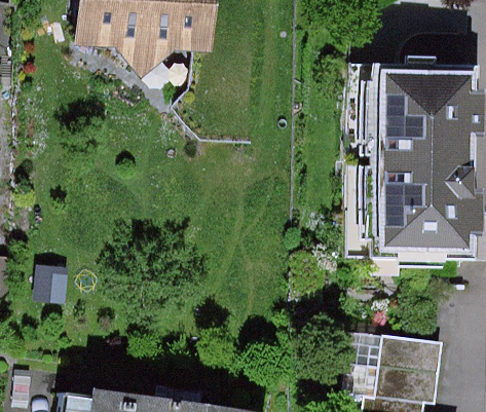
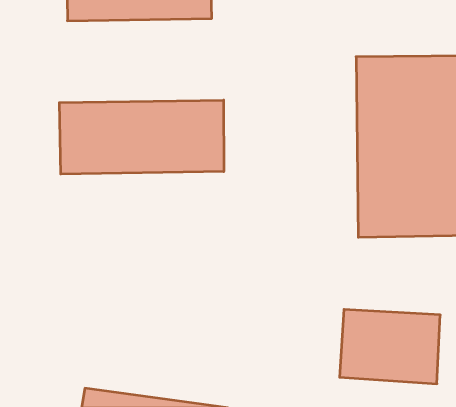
building: none -> [59,100,224,174]

